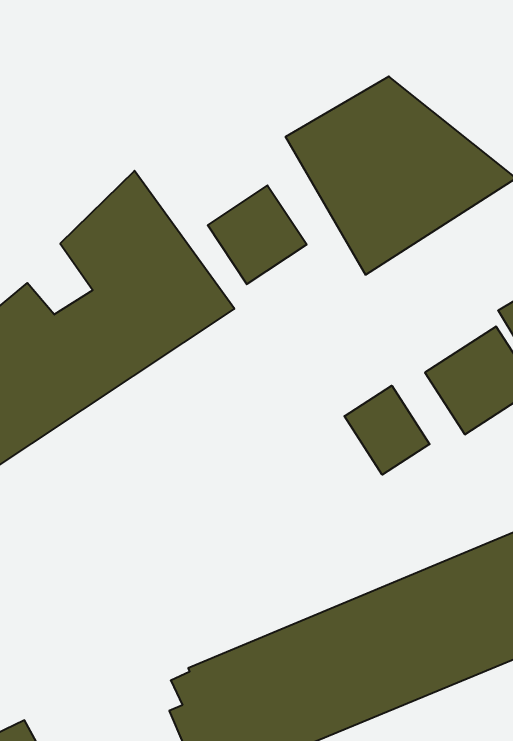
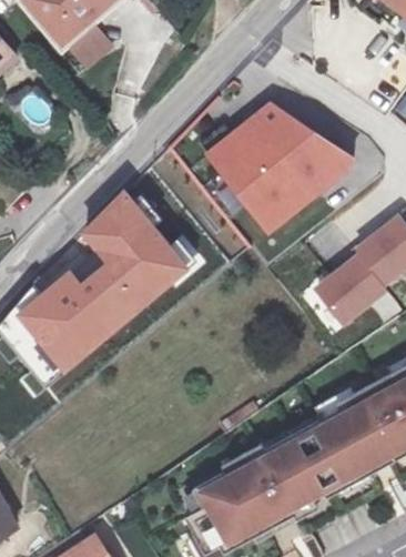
building: [208,185,307,284] -> none
building: [344,386,430,475] -> none

